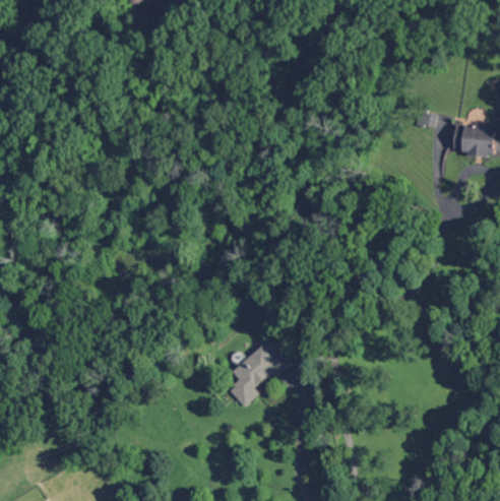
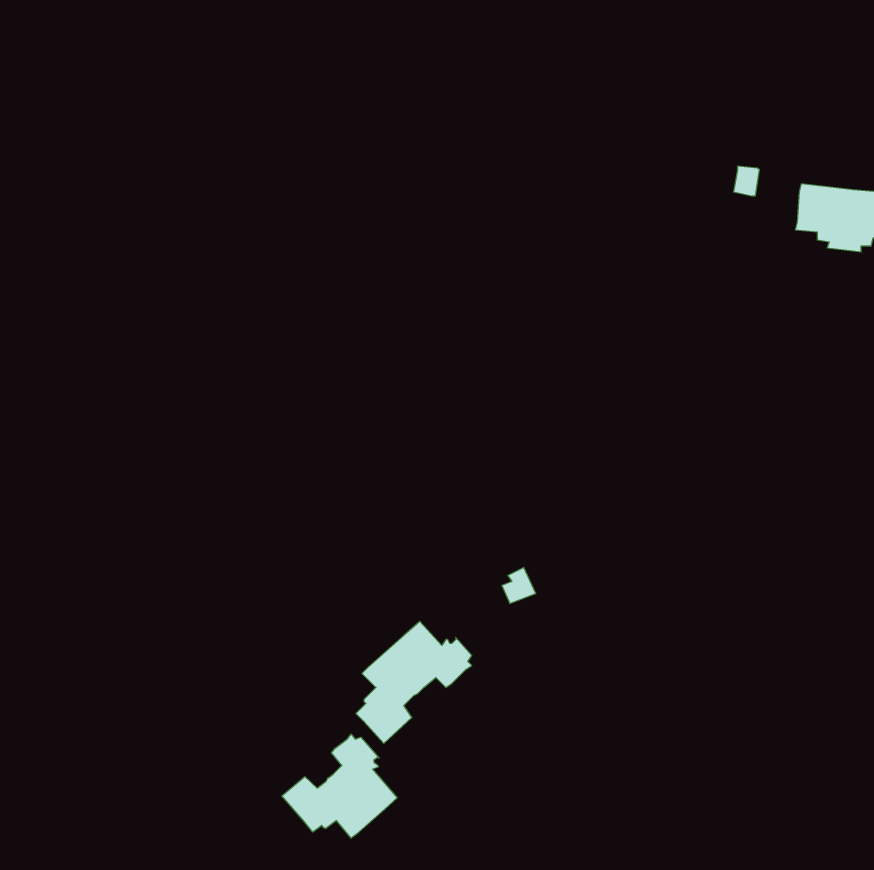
building: none -> [282,734,397,838]

